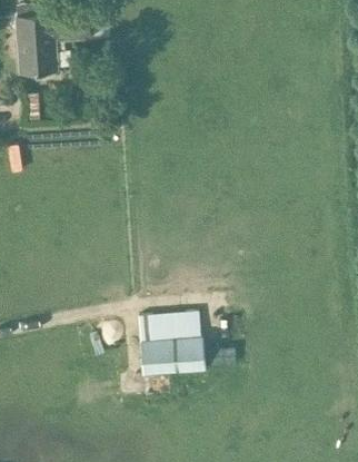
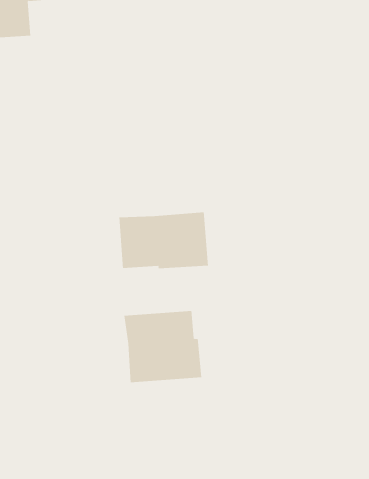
building: none -> [119,212,209,269]

